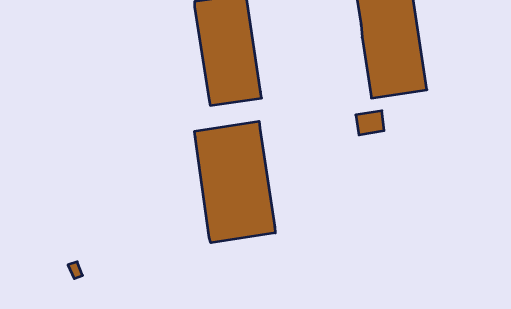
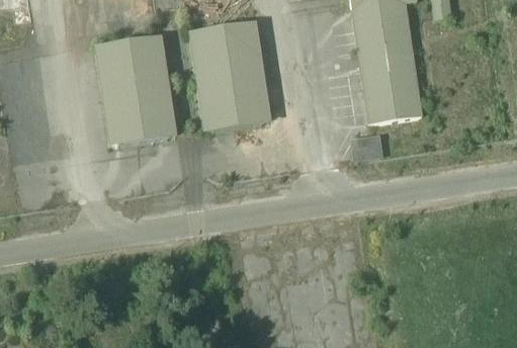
building: none -> [102,36,168,144]
building: [195,121,275,243] -> none

